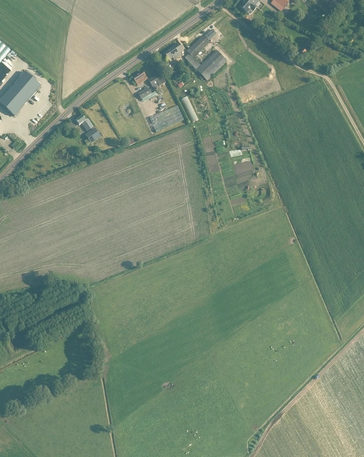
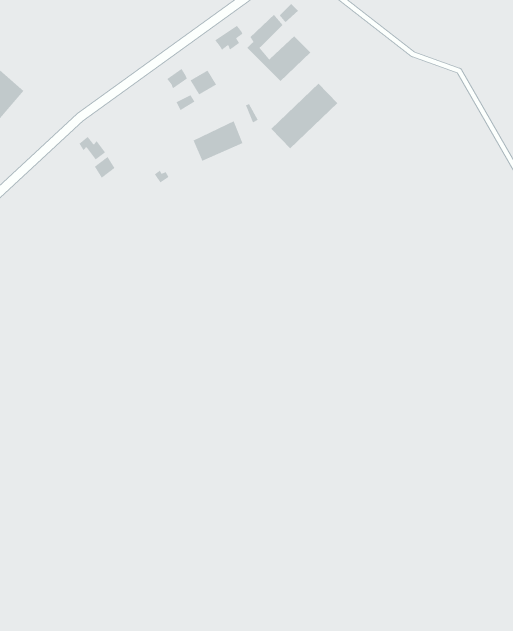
building: none -> [271,83,338,149]

